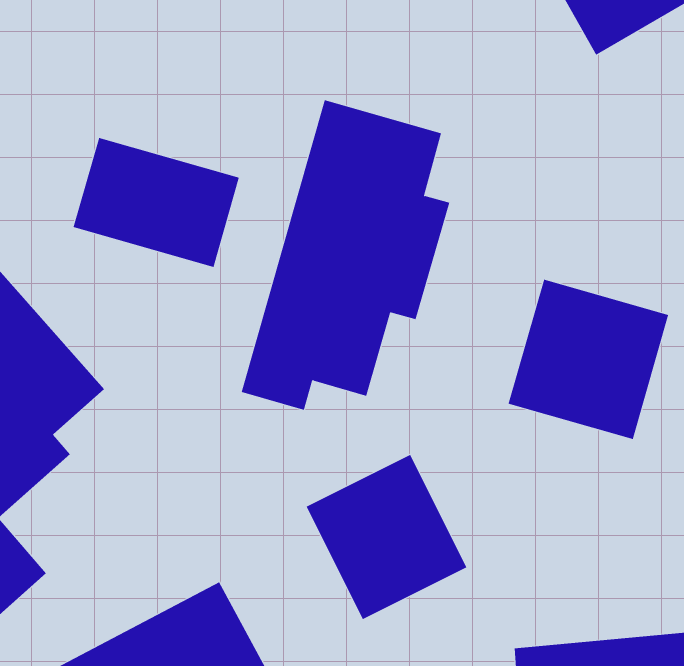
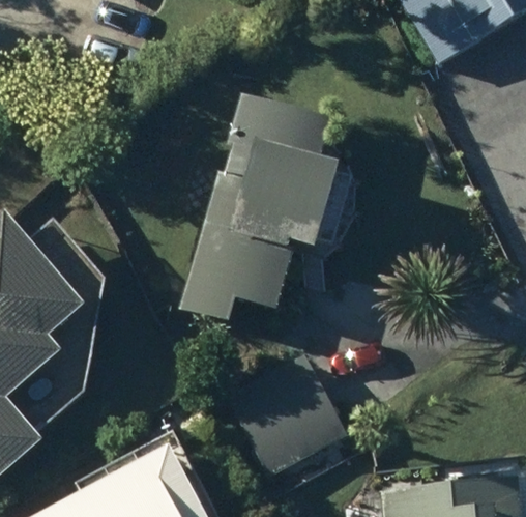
building: [73,137,240,268] -> none
building: [508,279,669,440] -> none

